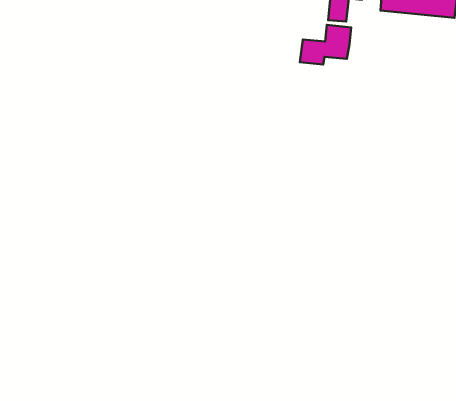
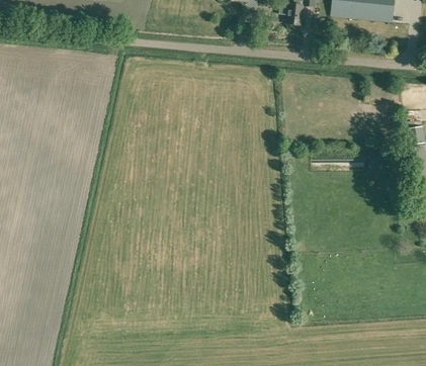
building: [300,25,351,64] -> none

